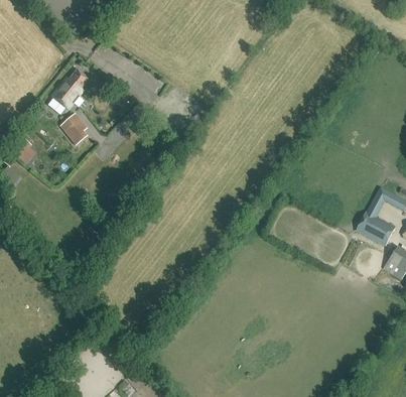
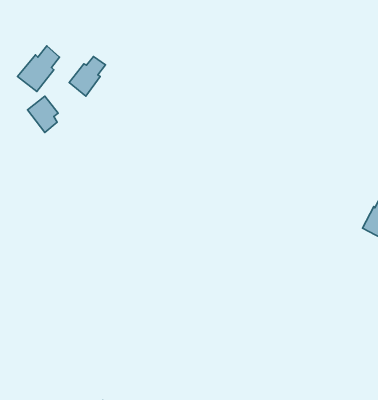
building: none -> [69,57,106,96]

